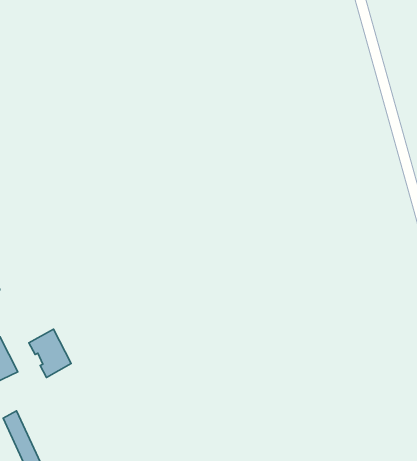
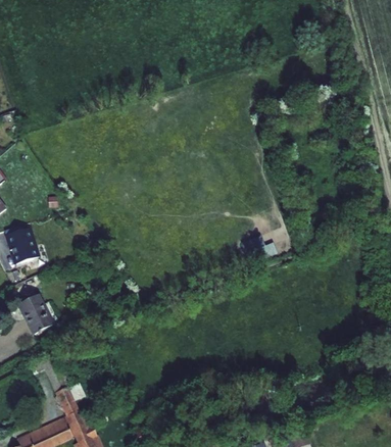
building: [29,329,71,377] -> none

